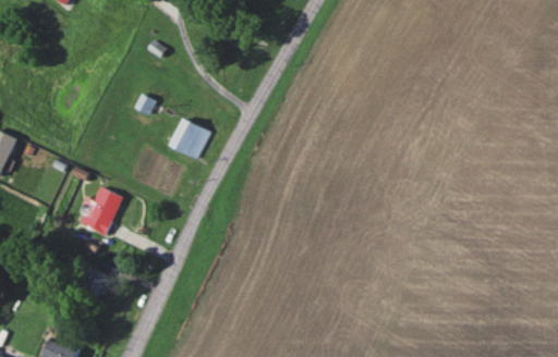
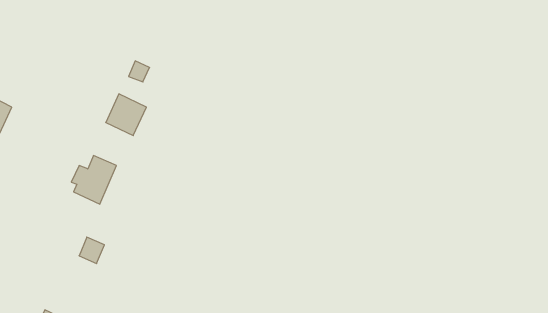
building: [169,118,209,159] -> [106,94,146,136]

